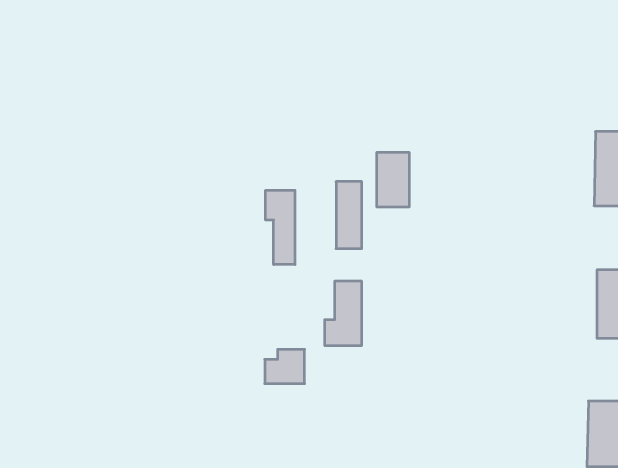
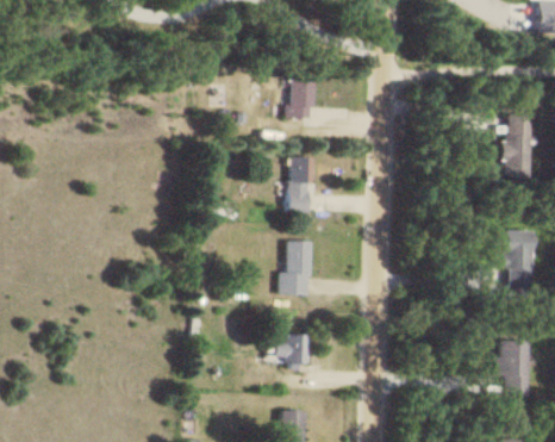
building: [377,153,409,207] -> [288,74,316,119]
building: [266,190,295,265] -> none
building: [265,349,305,384] -> [275,335,308,363]

